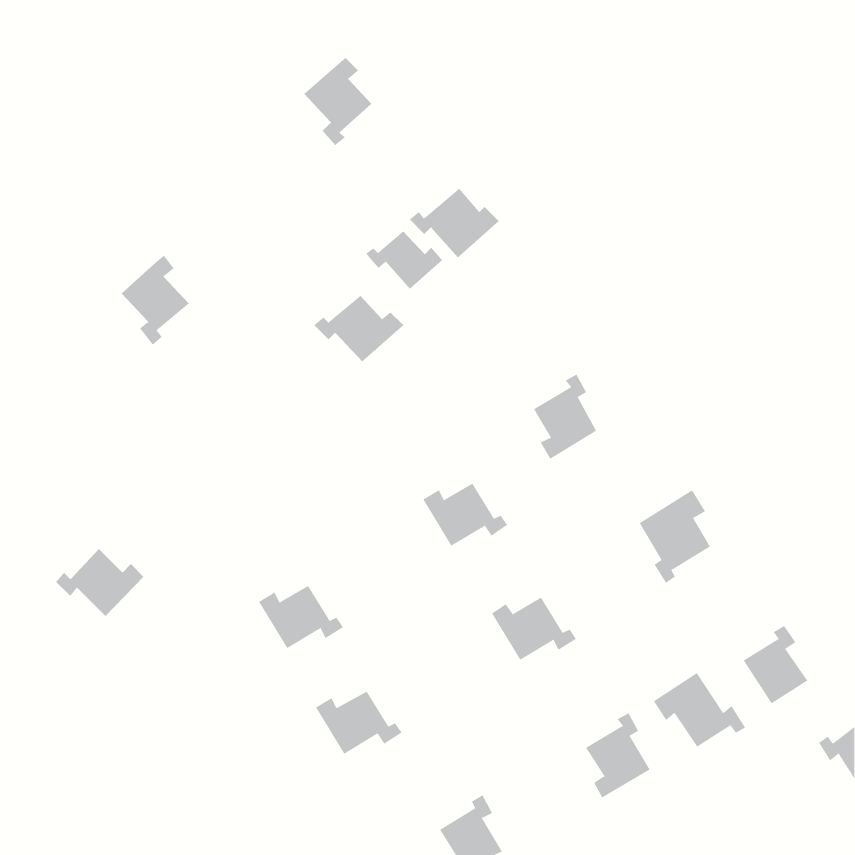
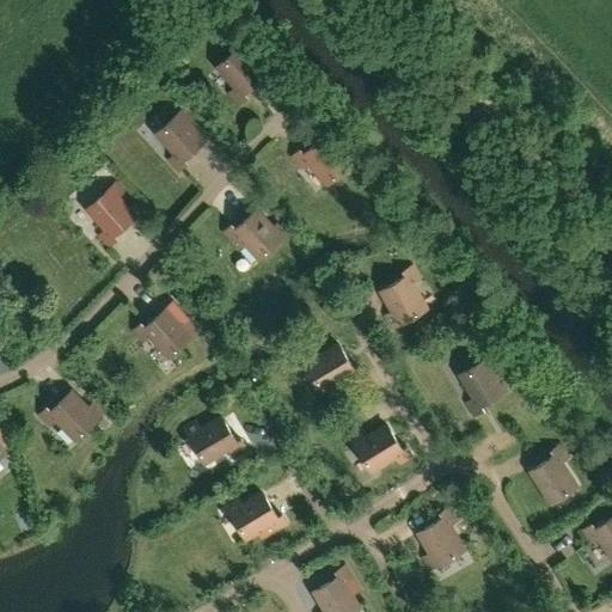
building: none -> [155,108,204,172]
building: [365,230,443,289] -> none
building: none -> [133,310,197,357]
building: [653,672,746,748] -> none

